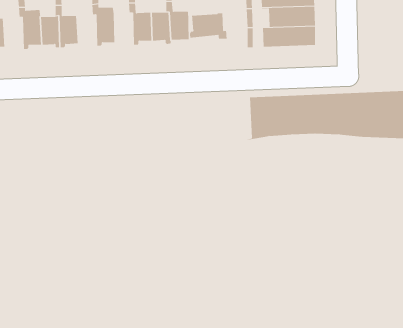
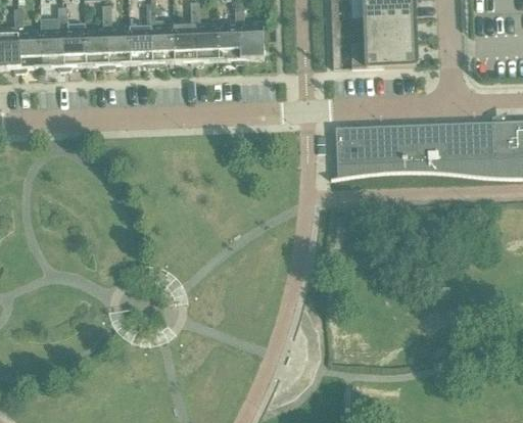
building: [189,13,227,40] -> none
building: none -> [174,26,196,64]
building: none -> [129,28,152,66]
building: none -> [41,31,64,69]

